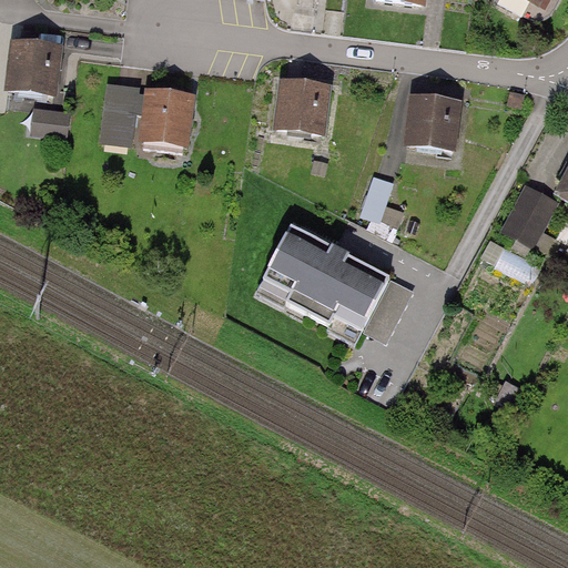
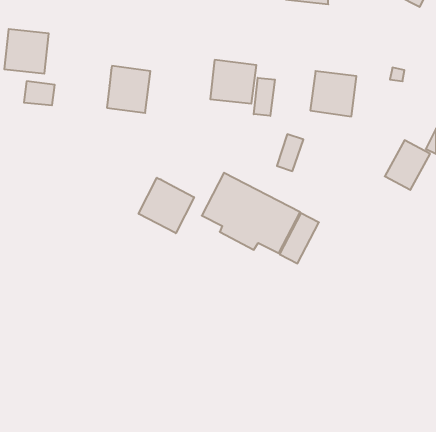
building: [101,81,144,143] -> none
building: none -> [254,78,275,116]
building: none -> [139,178,194,233]

